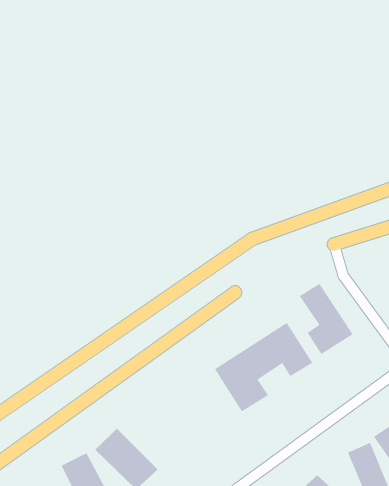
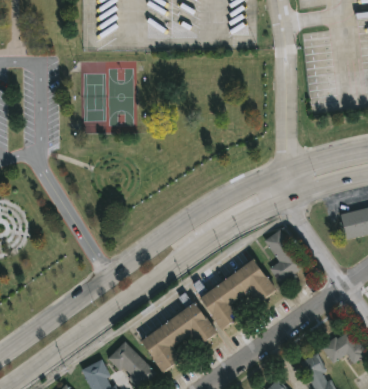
building: none -> [140,302,216,372]

